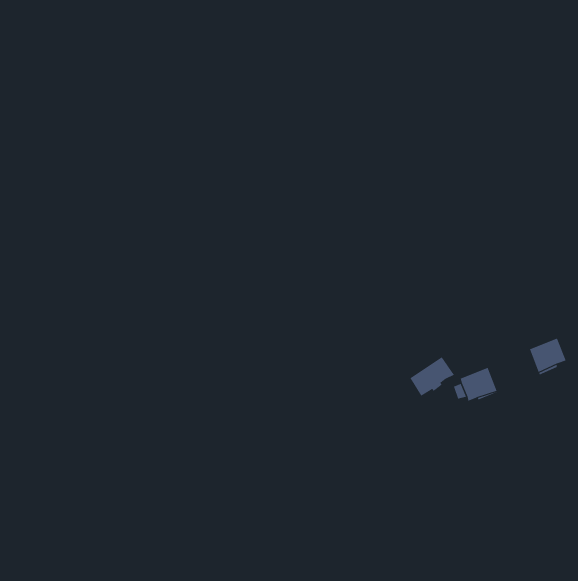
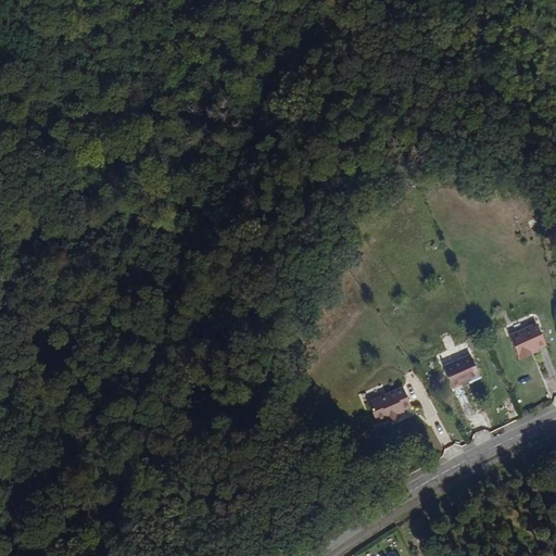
building: [409,357,455,396] -> [375,388,418,426]

